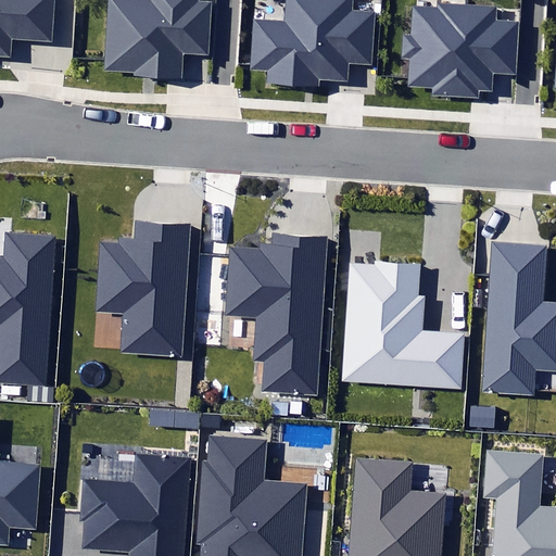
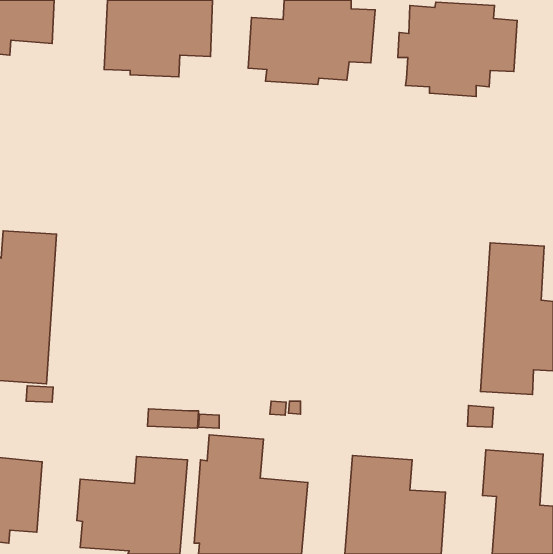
building: [93,223,188,353] -> none
building: [224,231,326,395] -> none
building: [341,261,465,389] -> none

